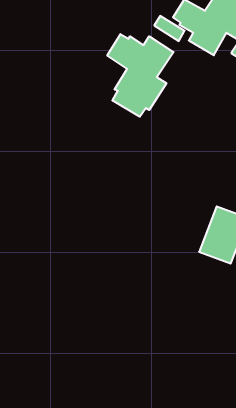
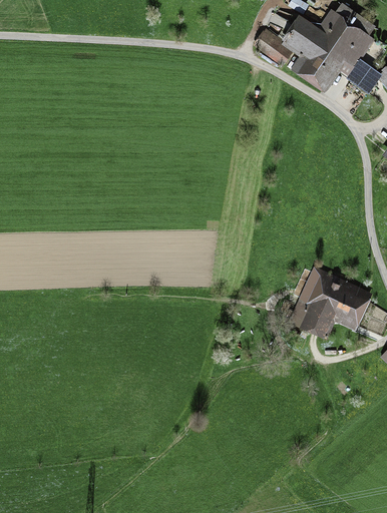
building: [107,34,174,117] -> none

